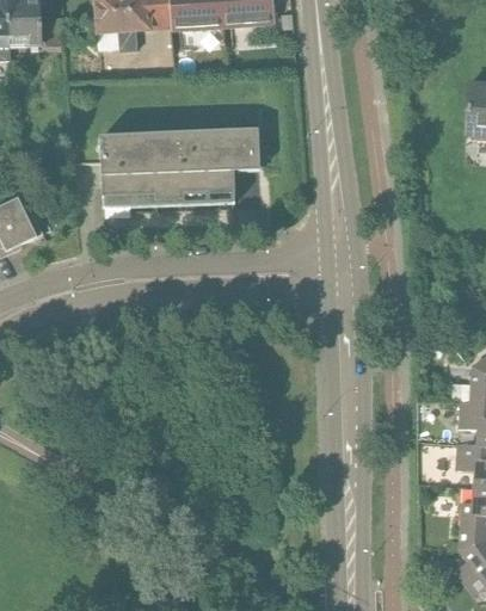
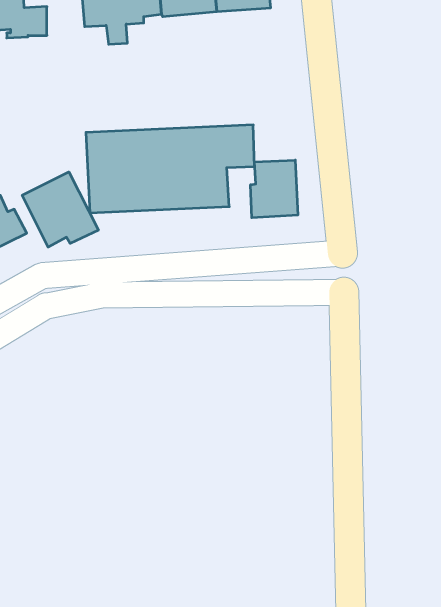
building: none -> [251,160,298,218]
building: none -> [22,172,98,247]

